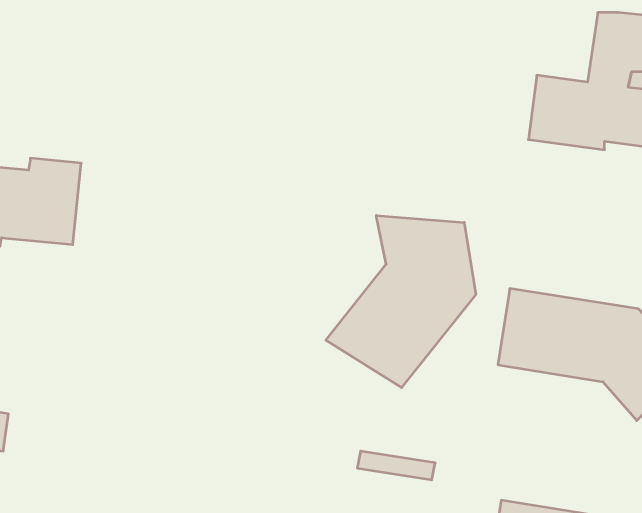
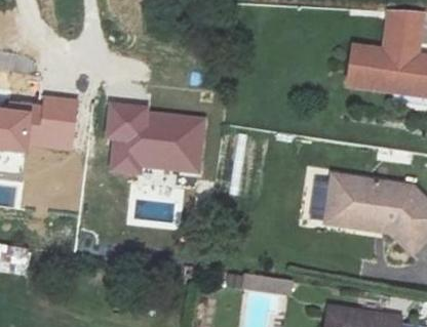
building: none -> [108,103,204,173]
building: [326,215,476,388] -> none

